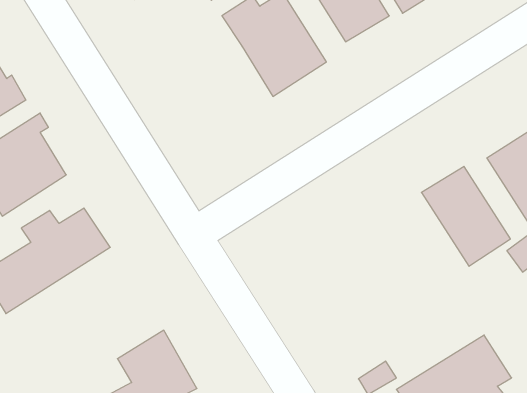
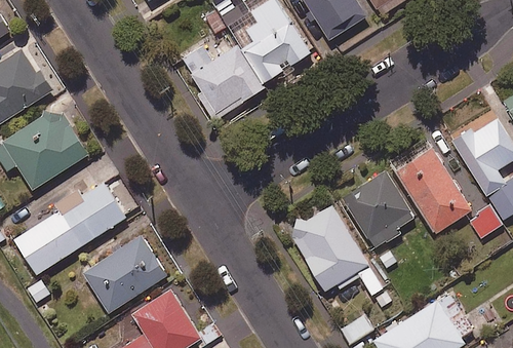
building: none -> [179,43,266,118]
building: none -> [342,170,417,248]
building: none -> [287,204,382,296]
building: none -> [82,234,165,310]

